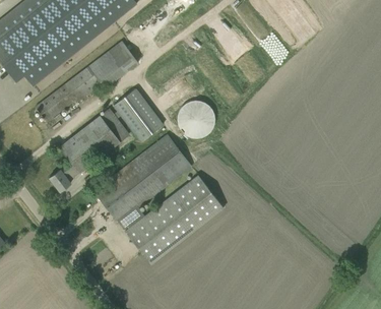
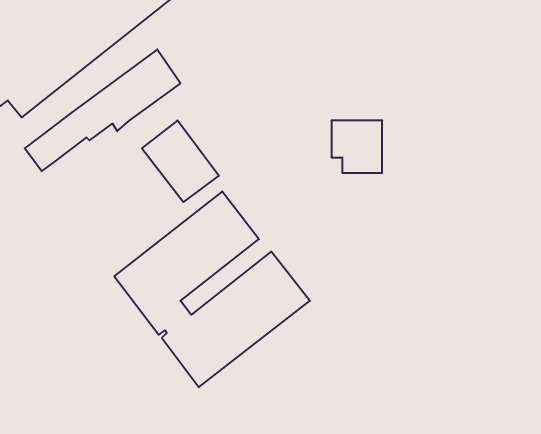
building: [177,101,210,135] -> [331,120,382,173]
building: [50,108,129,191] -> none

